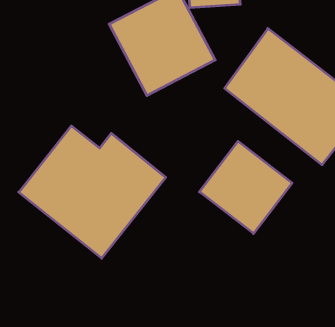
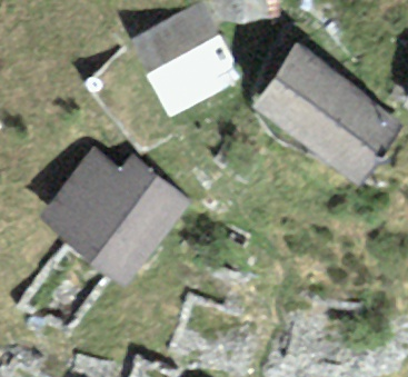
building: [199,141,292,234] -> none

